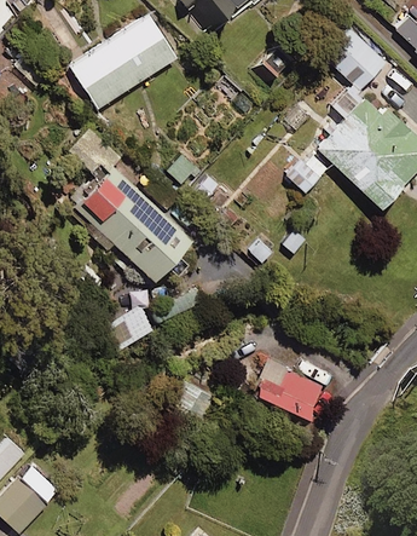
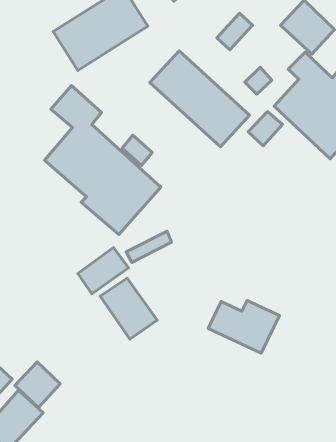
building: none -> [150,51,250,147]
building: none -> [100,278,157,339]
building: none -> [15,362,60,407]

